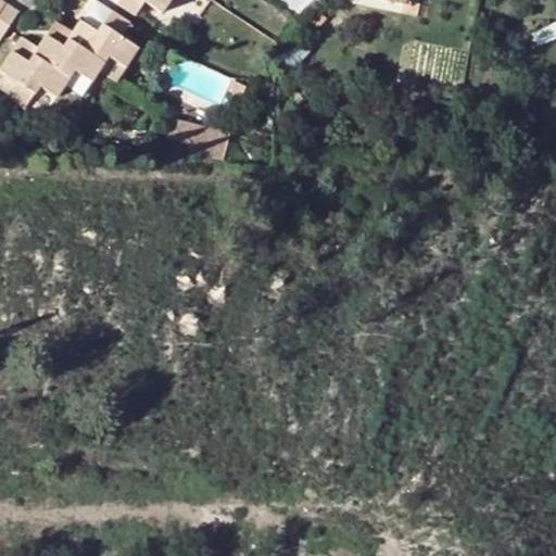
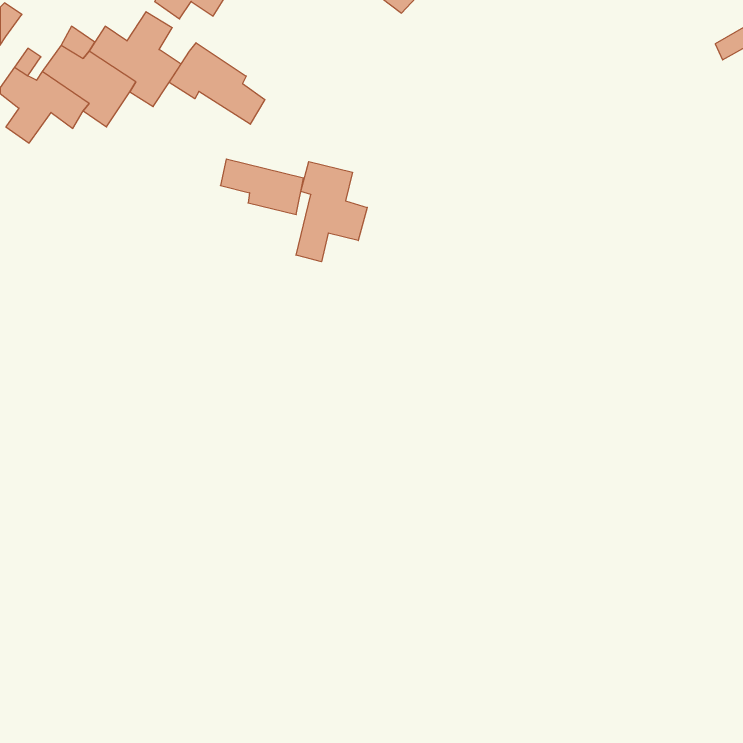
building: none -> [169,43,265,124]
building: none -> [296,162,367,262]

